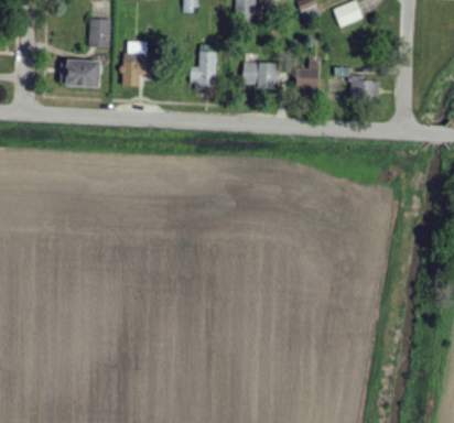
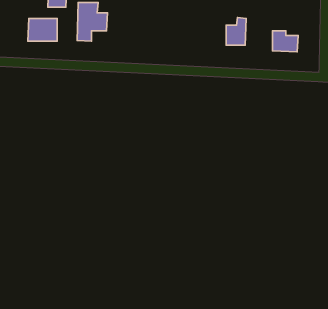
building: [192,45,216,89] -> none
building: [242,62,275,89] -> none

